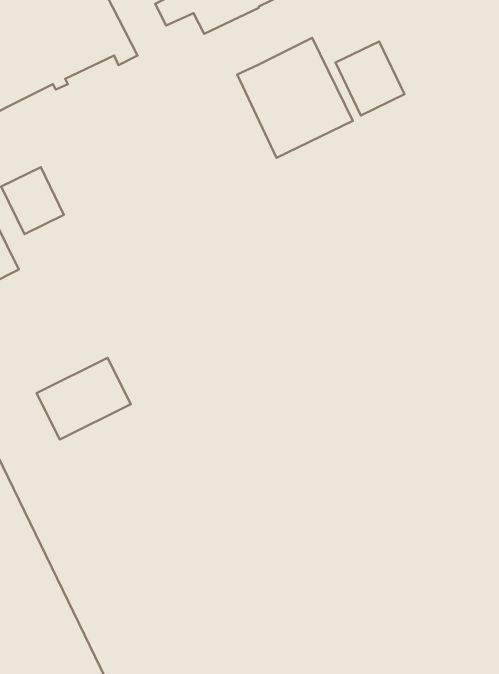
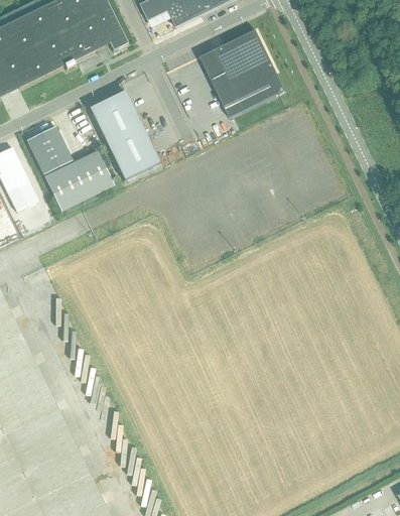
building: [335,41,405,115] -> none
building: none -> [89,90,160,179]
building: [37,358,131,439] -> [44,150,114,211]

